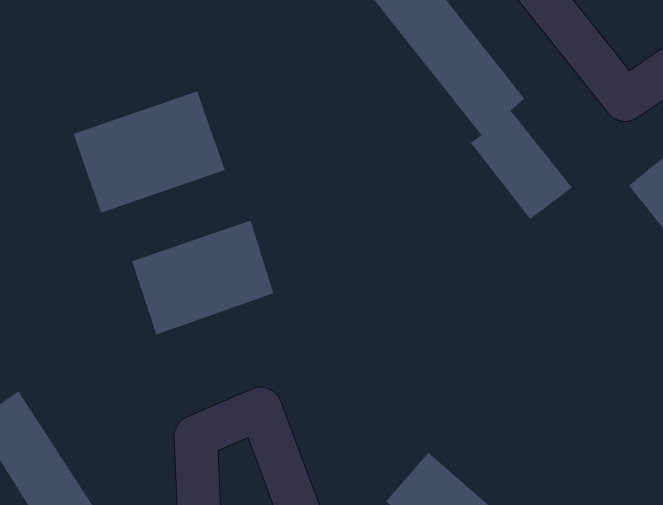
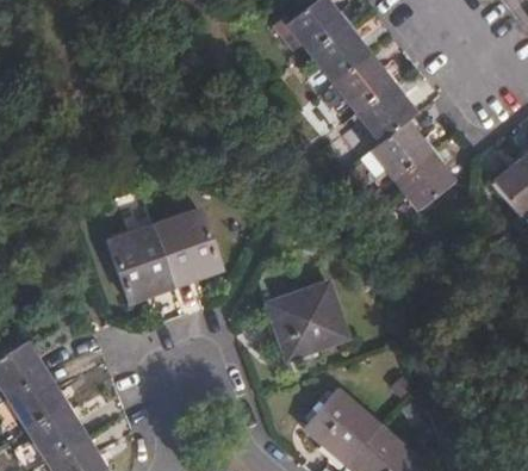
building: [73,90,225,214] -> none
building: none -> [268,283,349,359]

